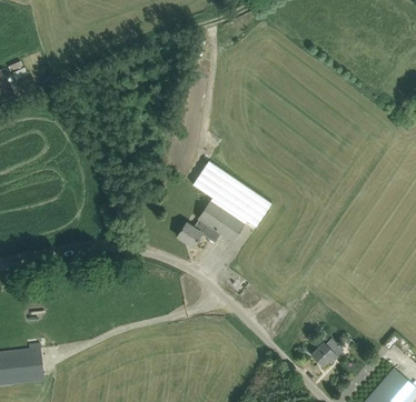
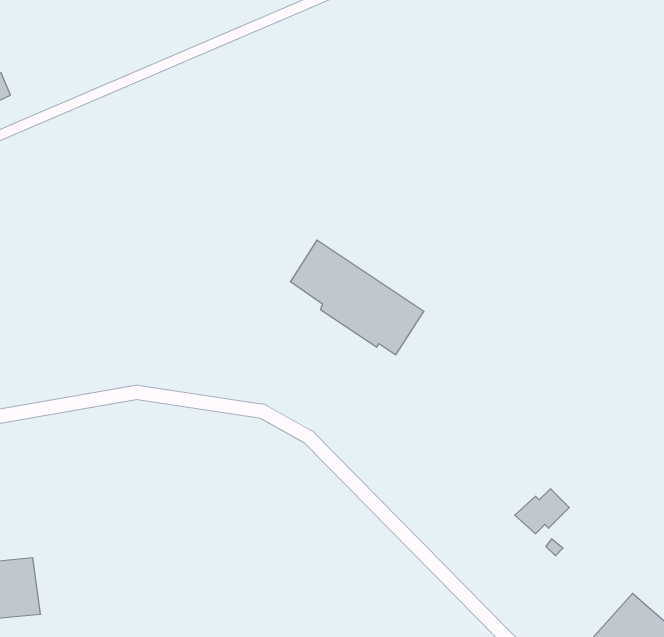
building: [177,200,244,248] -> none
building: [310,340,343,366] -> [515,489,569,534]

